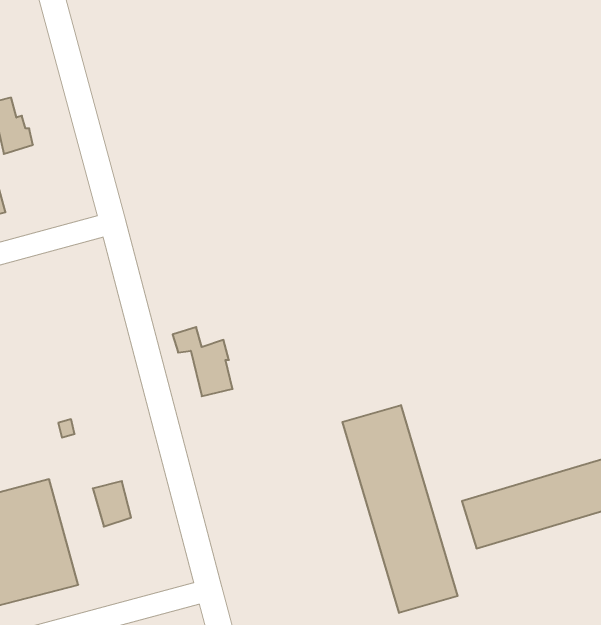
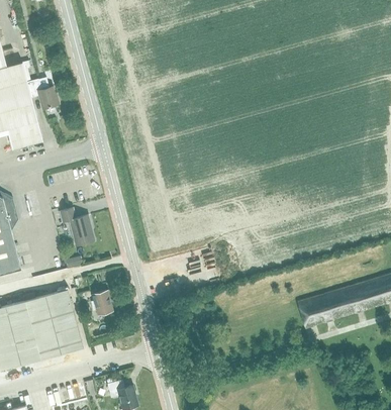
building: [173,327,233,396] -> [59,208,92,246]
building: [342,405,458,613] -> none

